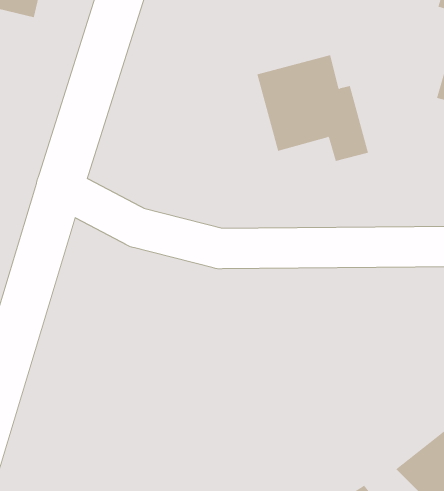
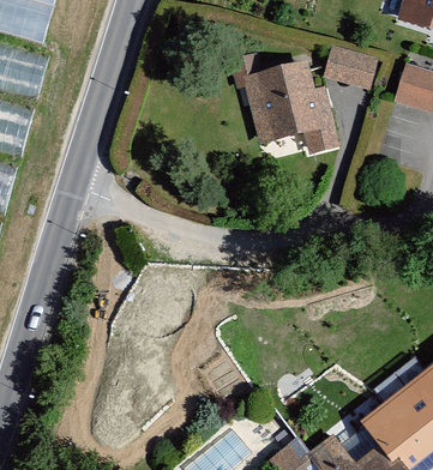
building: none -> [323,49,375,88]

